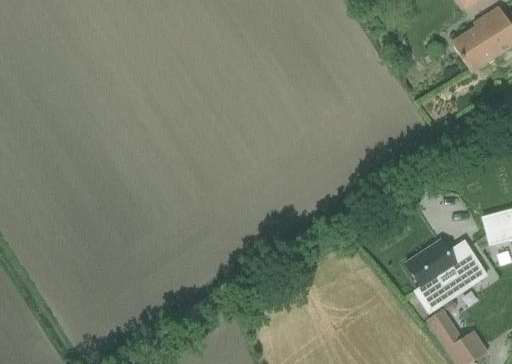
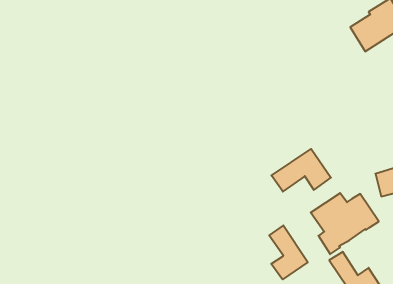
building: none -> [271,149,331,192]
building: none -> [269,225,308,279]

